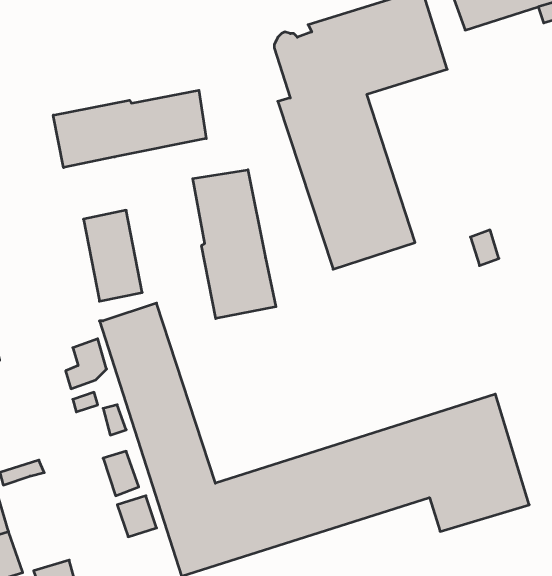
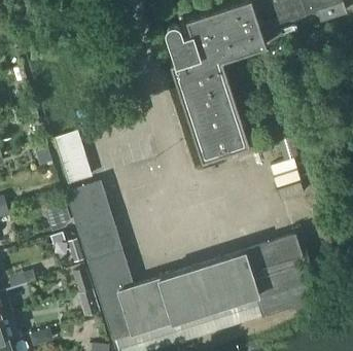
building: [53,90,206,168] -> none
building: [193,170,276,319] -> none

